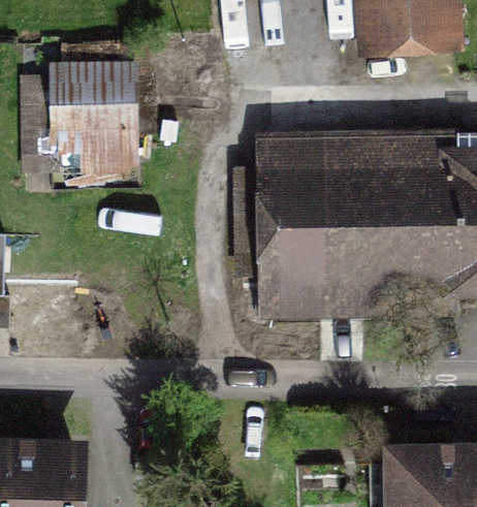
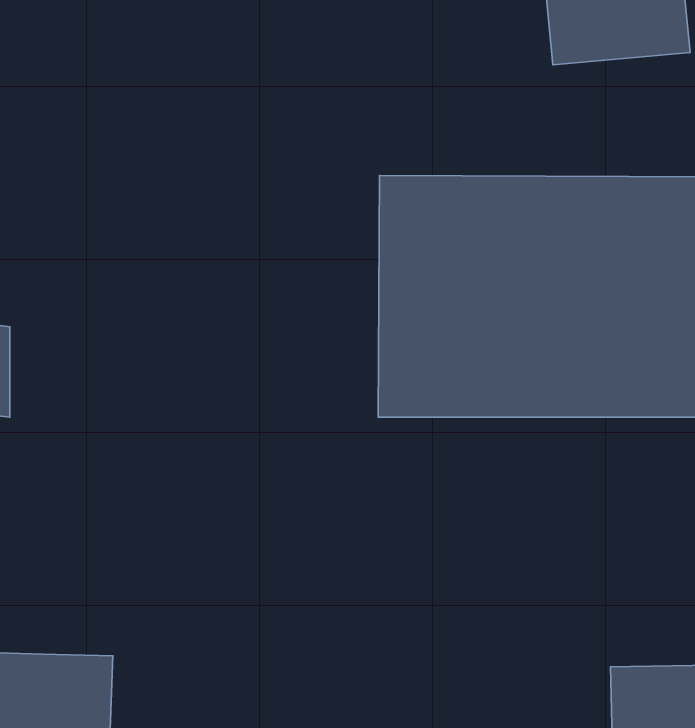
building: [43,71,146,162] -> none

